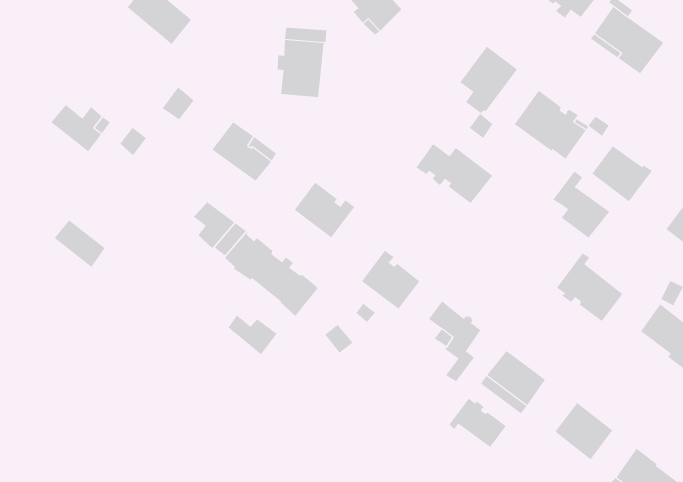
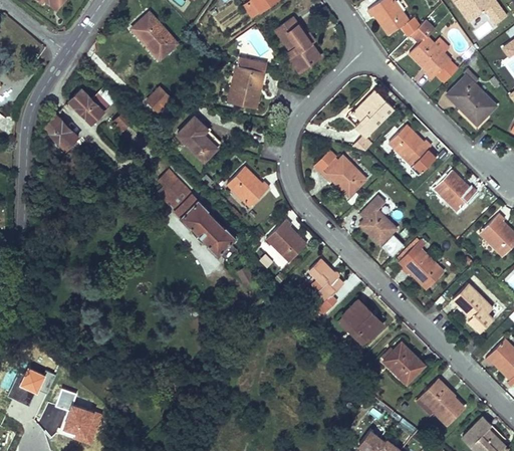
building: [552,171,610,238] -> [358,198,397,245]
building: [54,220,105,268] -> [43,115,77,150]
building: [228,314,278,355] -> none
building: [449,398,507,448] -> none

